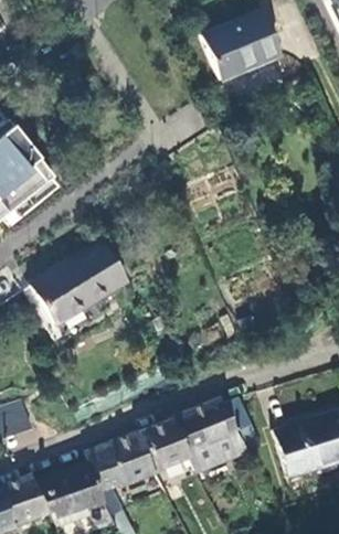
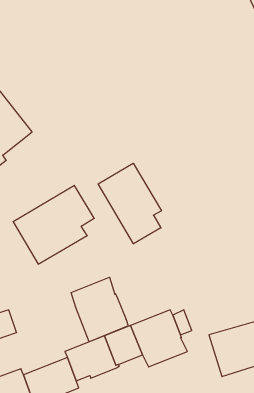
building: [205,8,285,79] -> none
building: none -> [98,163,162,244]
building: none -> [71,277,128,342]

